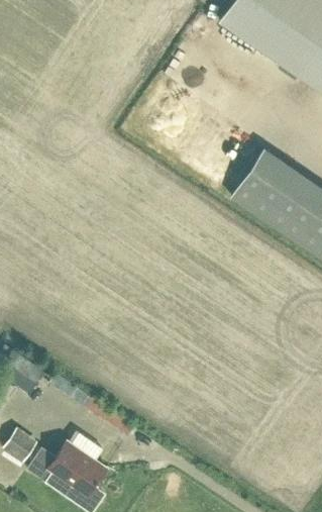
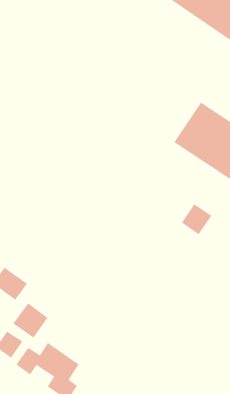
building: none -> [181,203,212,235]
building: none -> [13,302,48,339]

